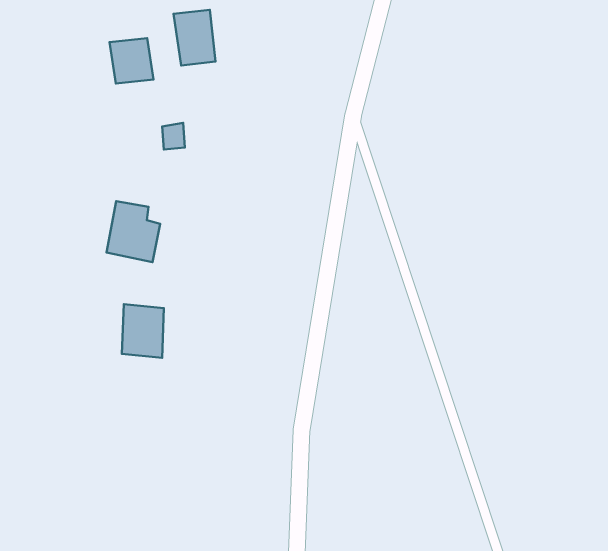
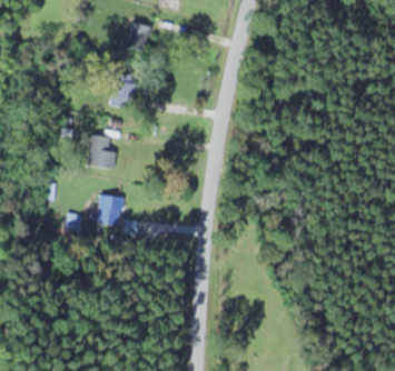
building: [110,38,153,84] -> none

